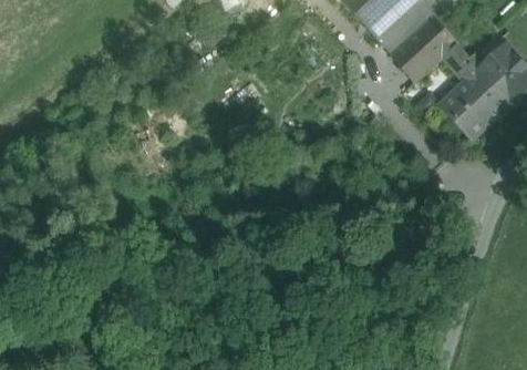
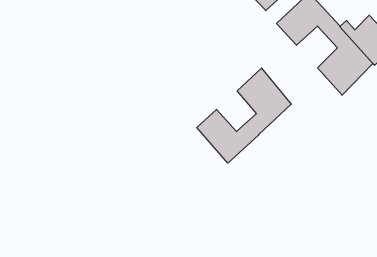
building: none -> [197,68,291,163]

